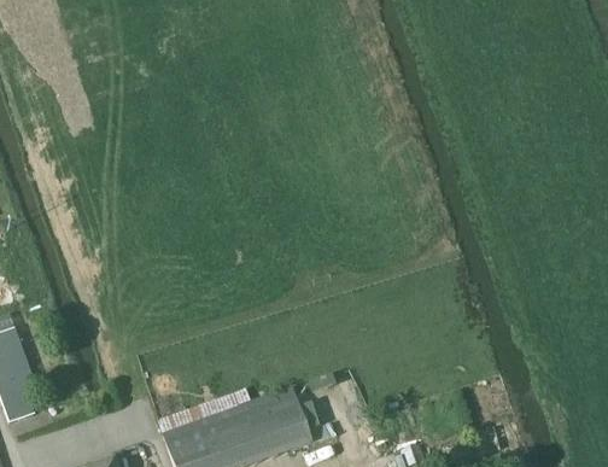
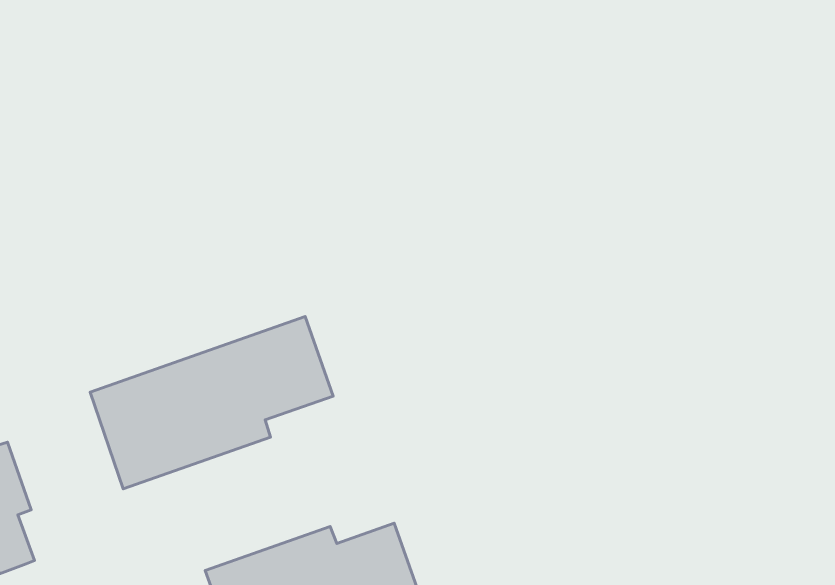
building: none -> [90,317,333,489]

